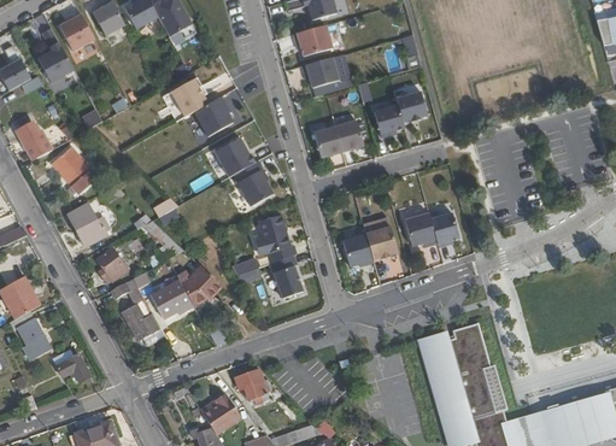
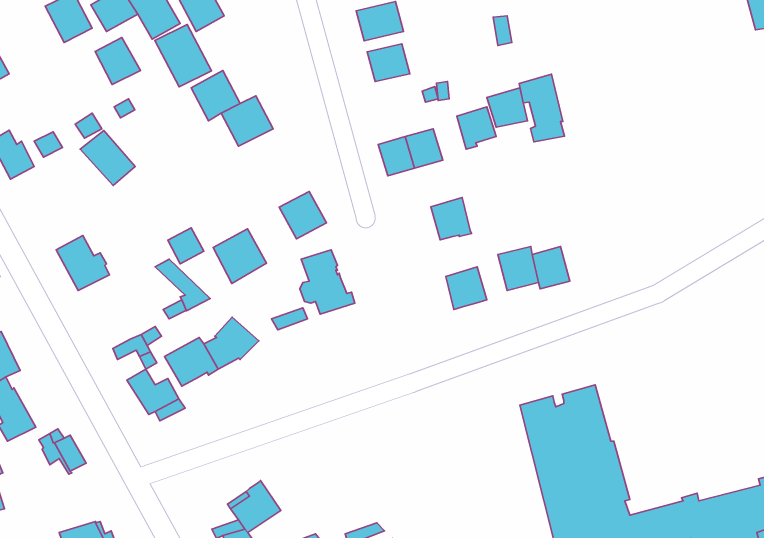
building: none -> [155,25,211,87]
building: [37,49,72,86] -> [95,37,141,85]
building: none -> [519,74,565,142]
building: [215,135,256,177] -> [213,229,266,284]
building: [54,148,96,190] -> [80,130,135,185]
building: [342,234,374,266] -> [431,197,472,240]
building: [96,250,124,282] -> none
building: [274,263,305,298] -> none
building: [235,369,266,398] -> none

